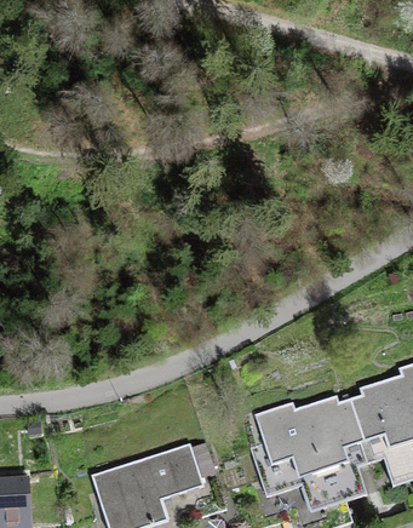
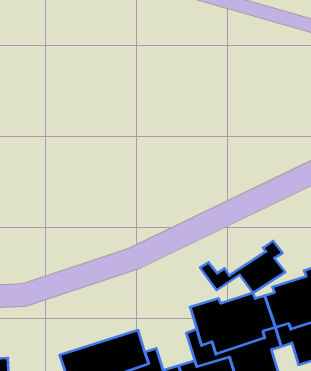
building: none -> [200,241,285,293]

